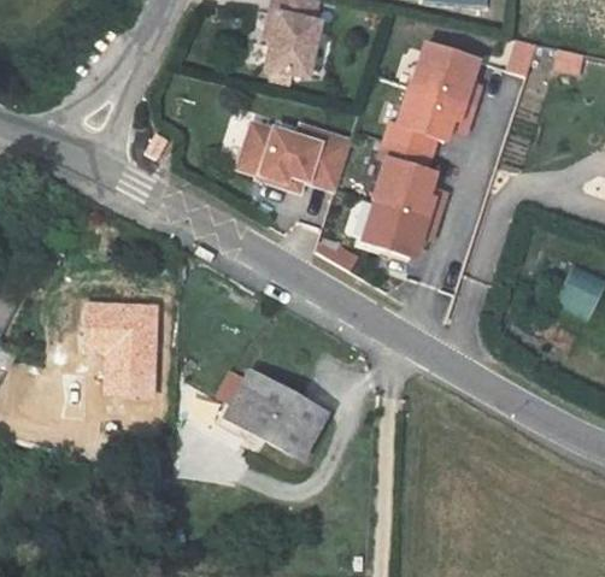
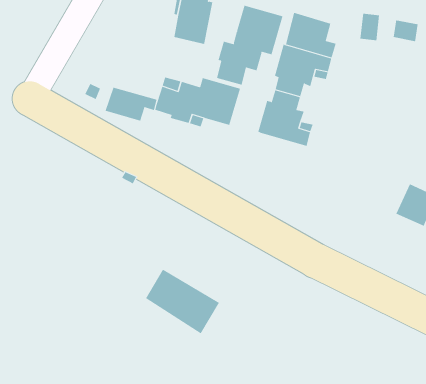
building: none -> [217,5,283,85]
building: none -> [105,87,157,121]
building: [364,196,439,253] -> none
building: [89,305,158,391] -> none

